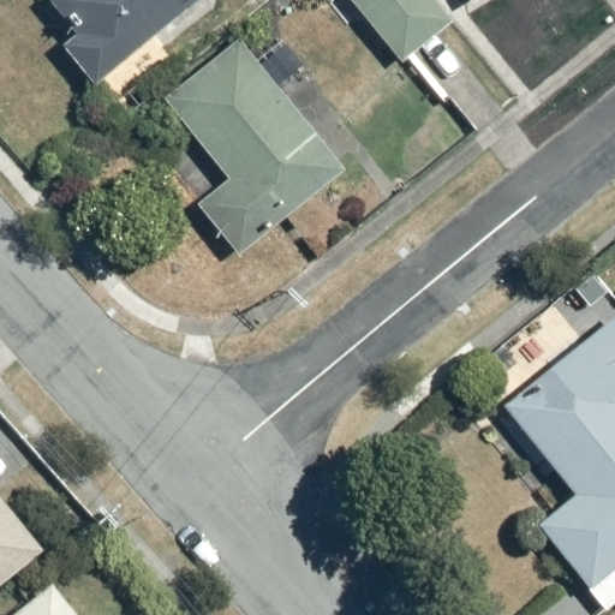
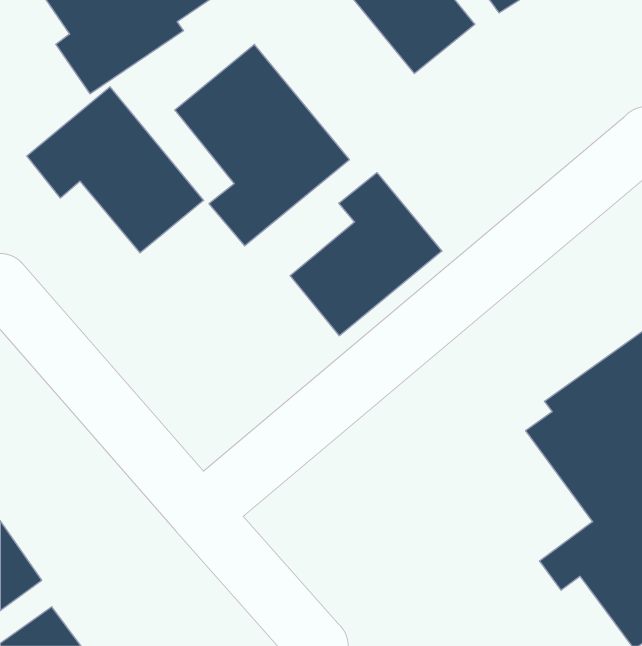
building: none -> [27,87,204,253]
building: none -> [290,173,442,336]

